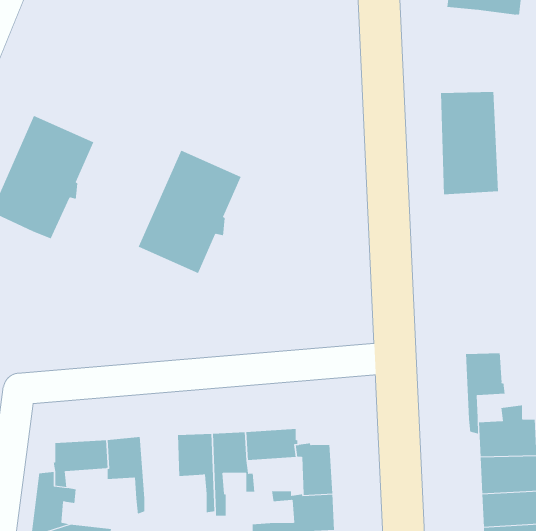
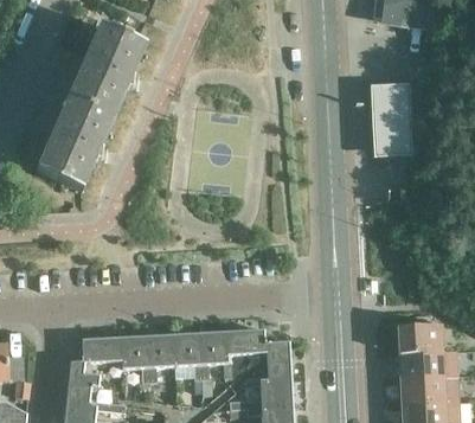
building: [138,150,241,274] -> [68,25,145,117]
building: [466,353,505,434] -> none
building: none -> [147,335,175,383]

